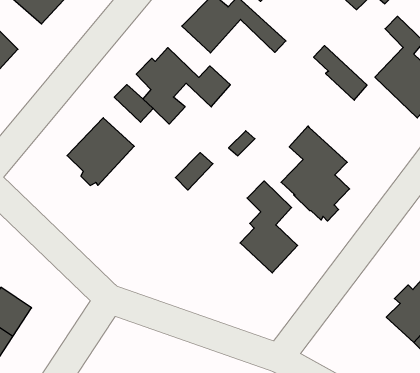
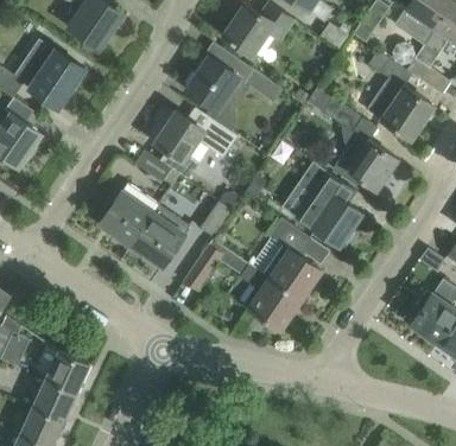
building: none -> [332,134,397,191]
building: none -> [132,205,189,266]
building: none -> [184,241,302,330]

